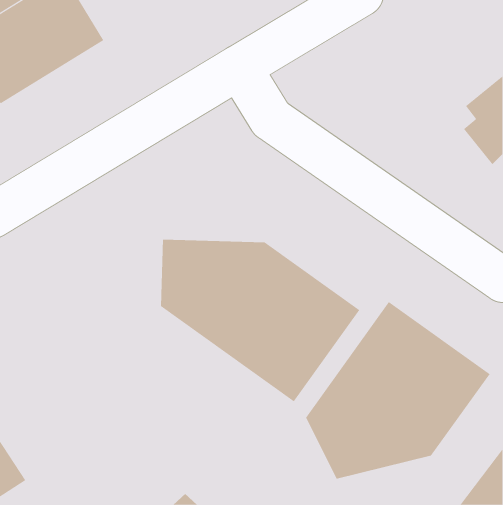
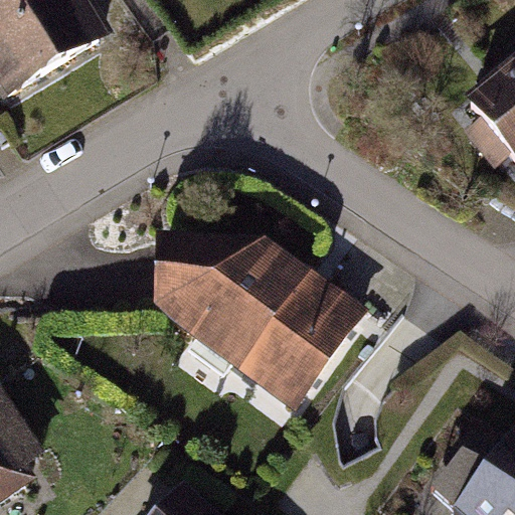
building: [305,301,490,480] -> none

